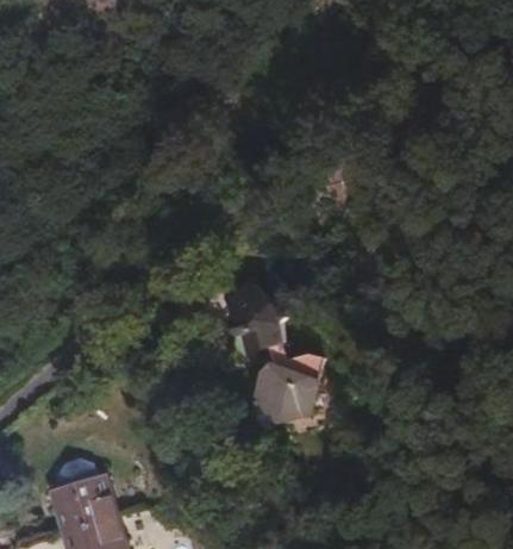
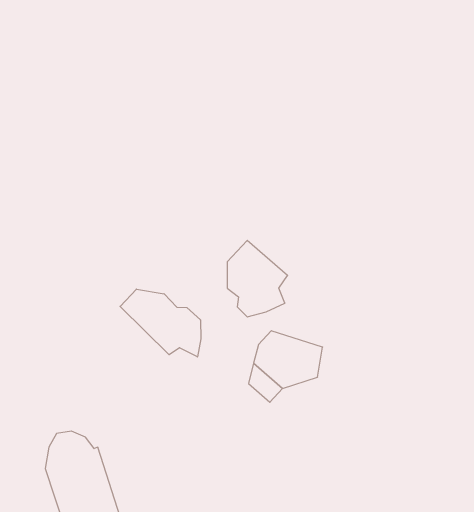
building: none -> [120,289,201,357]
building: [264,342,323,383] -> none

